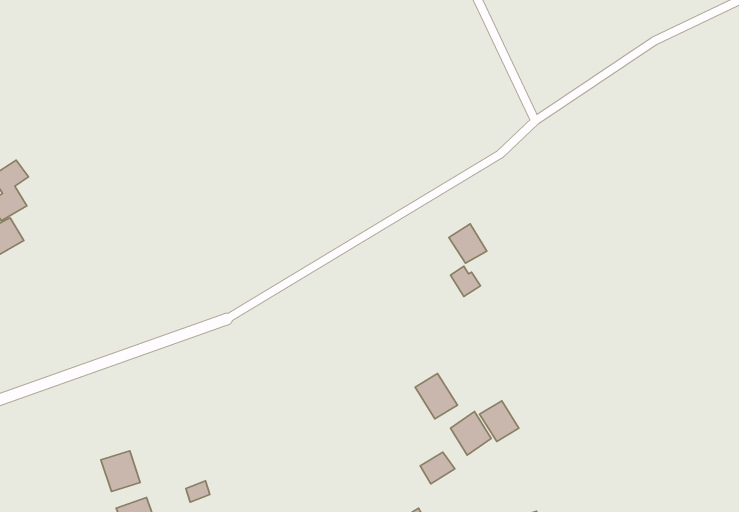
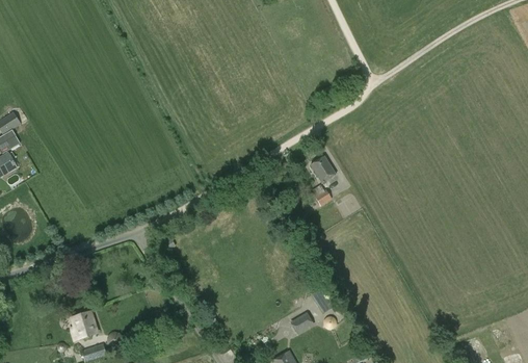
building: [415,373,457,419] -> none
building: [480,401,519,442] -> none

